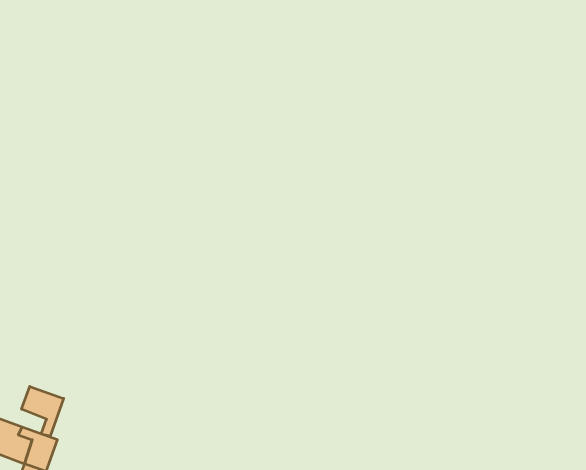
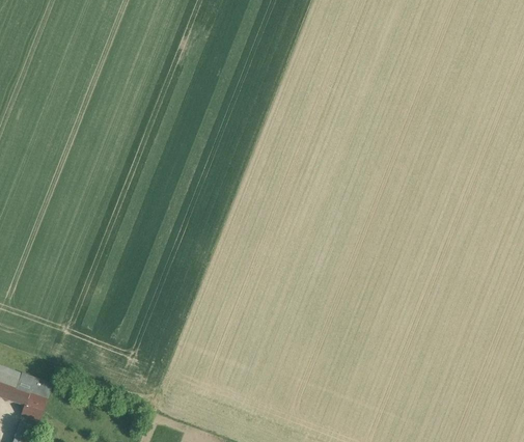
building: [22,386,64,436] -> none

